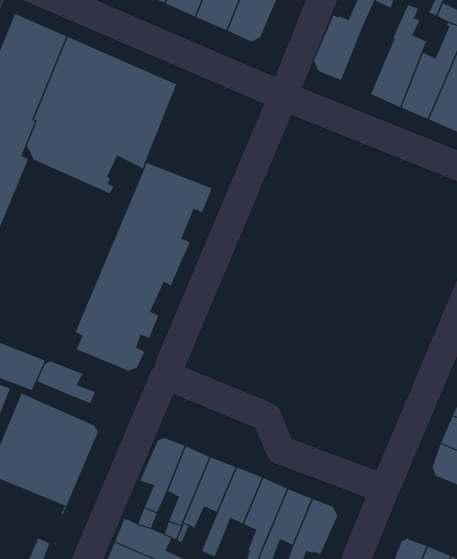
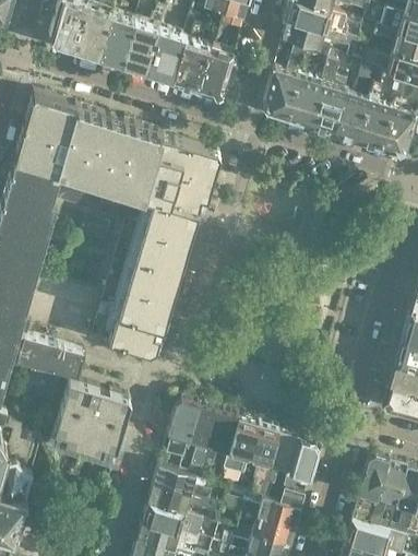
building: none -> [286,79,322,129]
building: none -> [145,140,219,213]
building: [37,360,95,404] -> none

